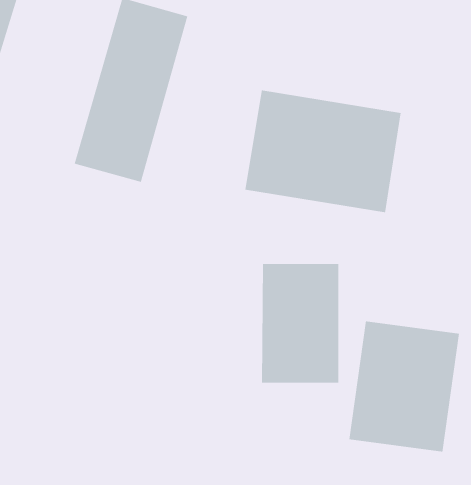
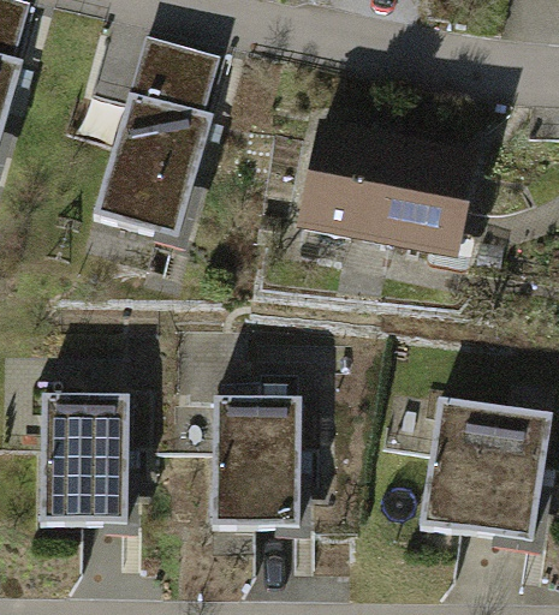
building: [261,263,339,383] -> [213,390,303,529]
building: none -> [41,383,131,521]

